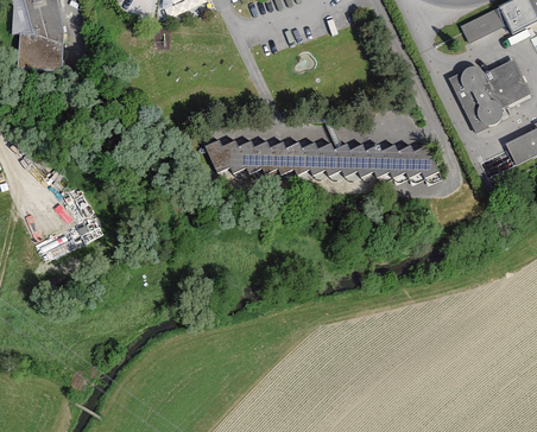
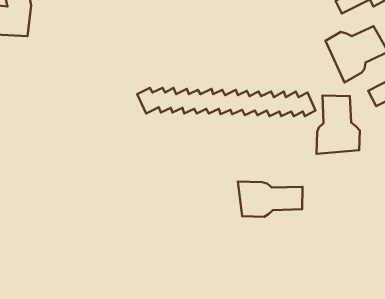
building: none -> [316,96,360,154]
building: none -> [238,181,303,217]

